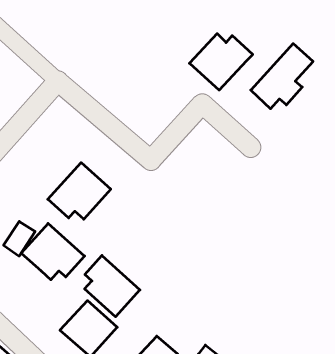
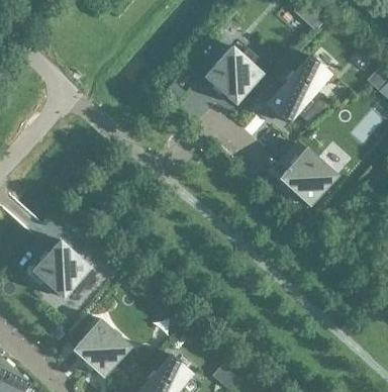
building: none -> [279,148,336,206]
building: [48,163,111,219] -> none
building: [85,255,140,317] -> none

